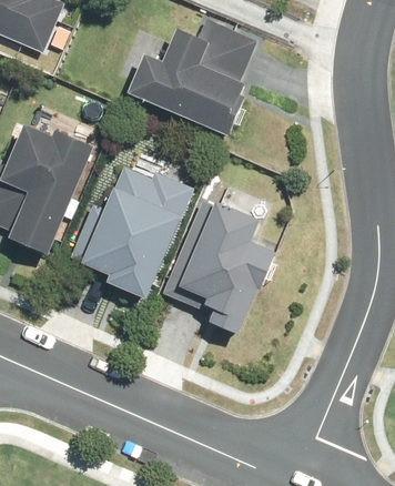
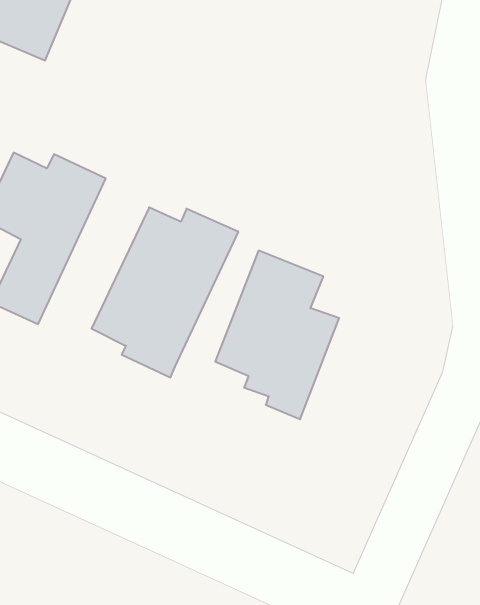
building: [124,18,257,140] -> none

